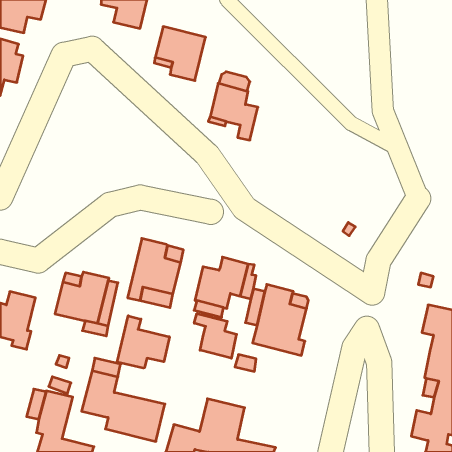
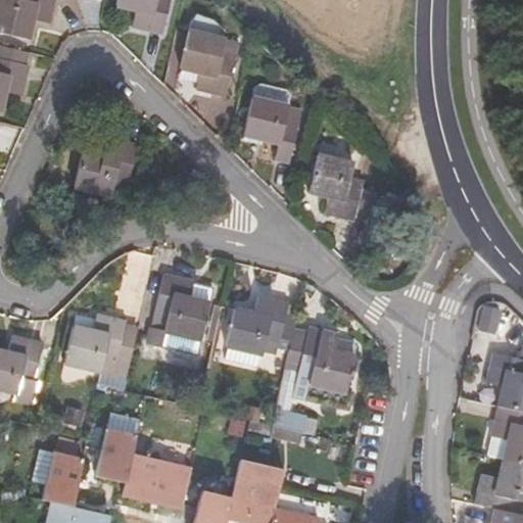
building: none -> [75,136,137,195]
building: none -> [308,152,380,219]
building: [194,314,237,358] -> none
building: [117,316,169,368] -> none

